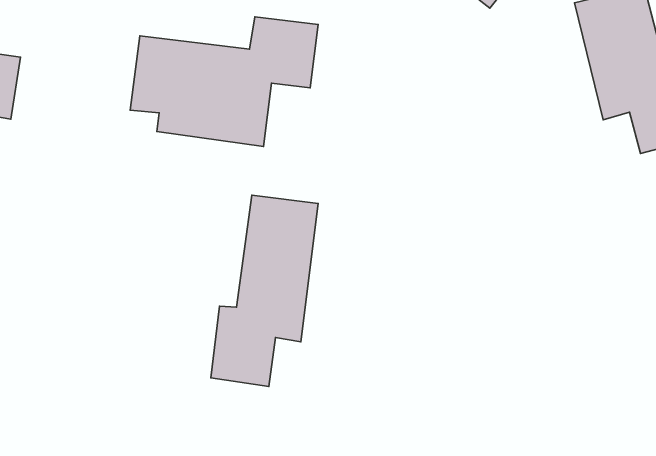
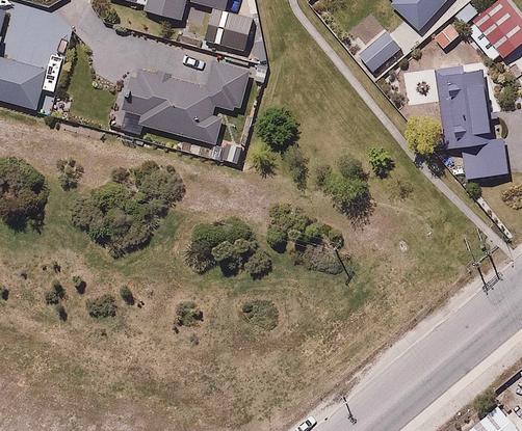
building: [211,195,318,386] -> none

